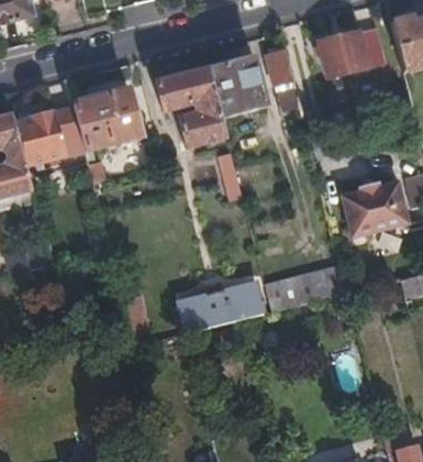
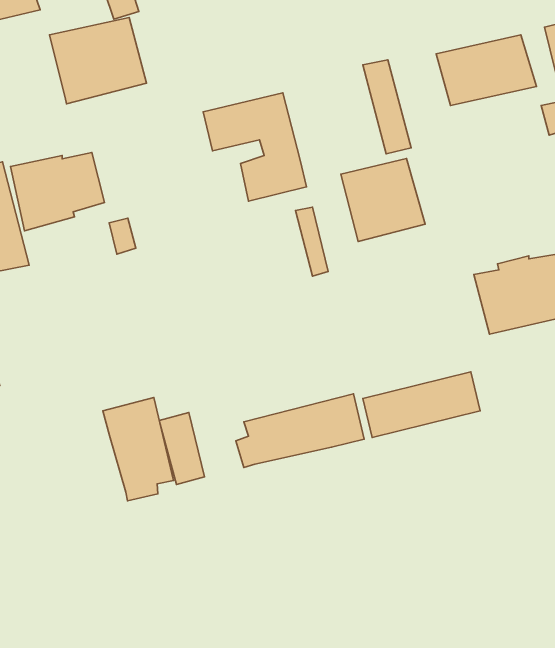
building: [208,57,267,116] -> [341,158,425,241]
building: [71,89,140,150] -> [49,18,146,104]
building: none -> [103,397,174,501]

